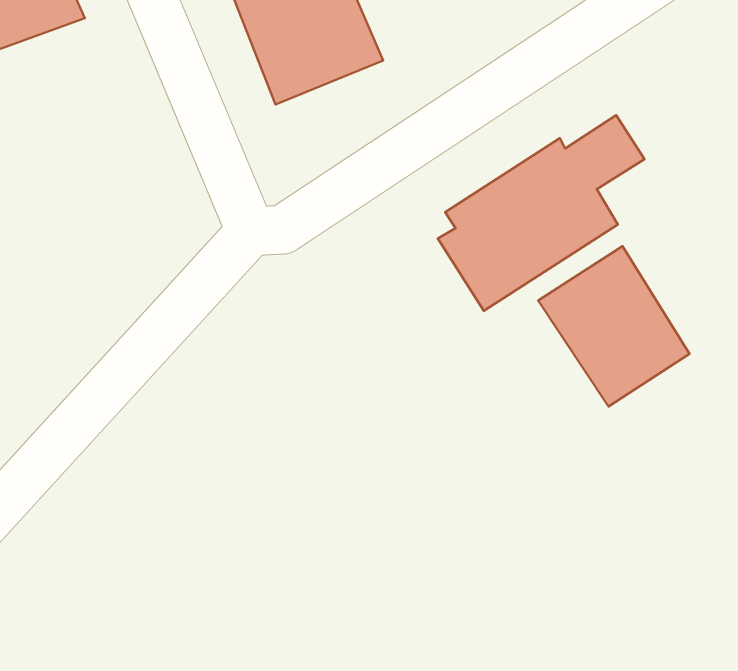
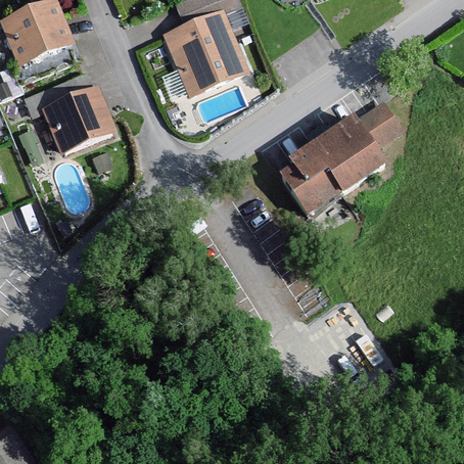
building: none -> [39,86,119,155]
building: [538,246,690,406] -> none

